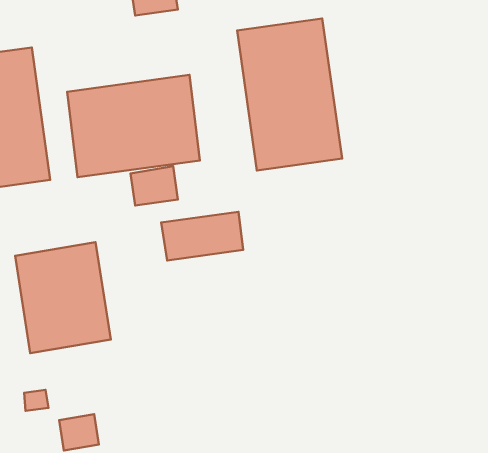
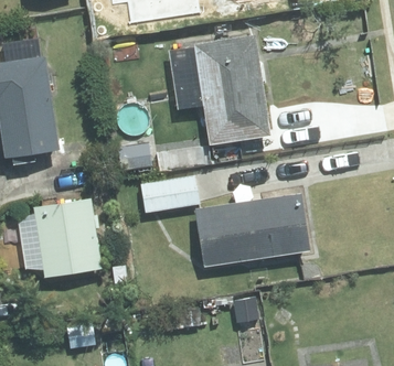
building: [67,75,200,177] -> none
building: none -> [193,194,309,269]

